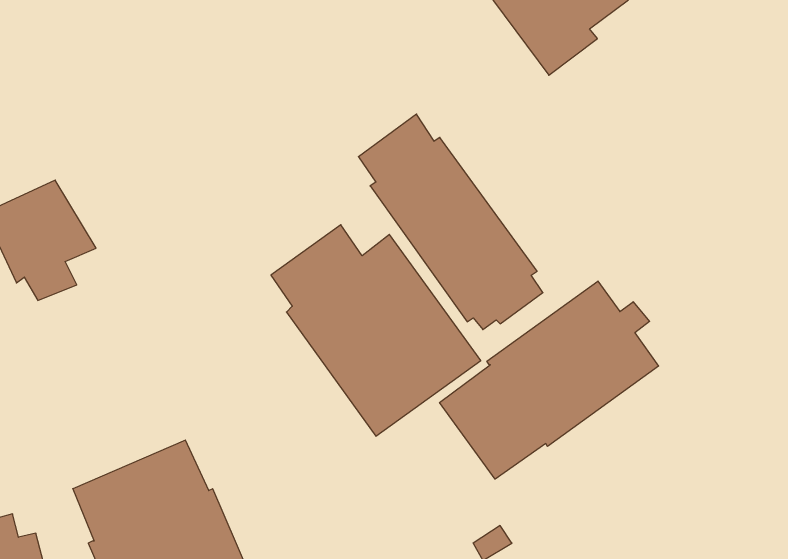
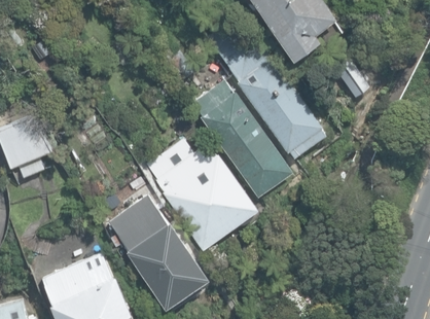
building: none -> [208,32,326,158]
building: [440,281,659,479] -> none
building: none -> [109,194,210,308]

